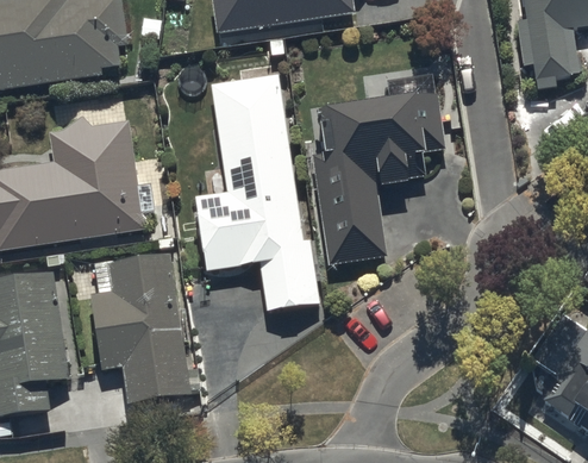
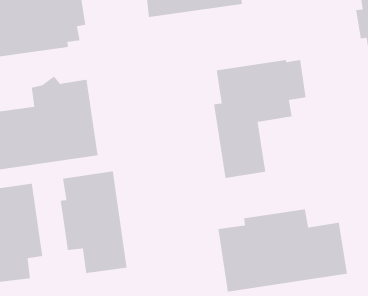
building: [196,76,321,312] -> none
building: none -> [218,208,348,293]

